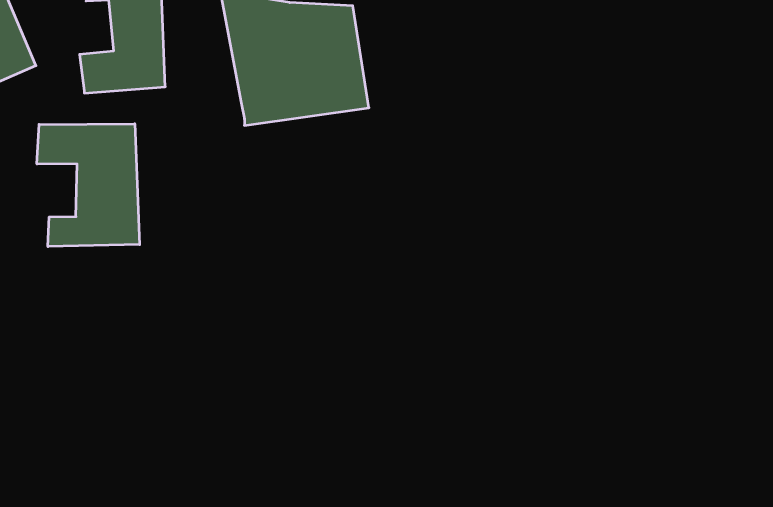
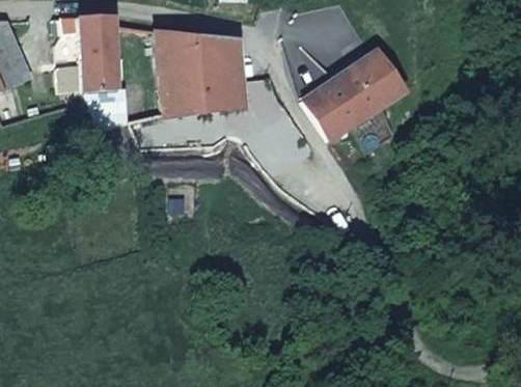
building: none -> [304,51,401,140]
building: [37,124,140,247] -> none

